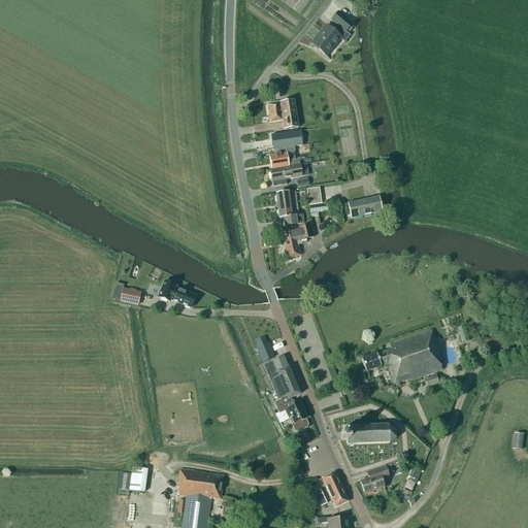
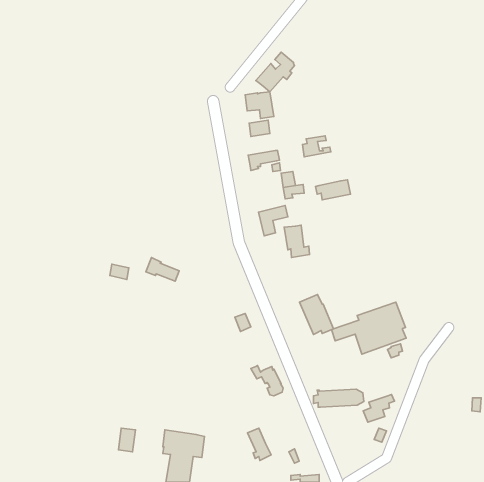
building: [310,11,353,55] -> [256,52,295,92]
building: [269,145,300,168] -> [302,136,331,157]
building: [275,191,303,226] -> [284,225,310,257]
building: [263,356,300,399] -> [299,295,333,334]
building: [360,463,394,493] -> [363,395,394,422]
building: [322,471,348,506] -> [248,428,271,460]

